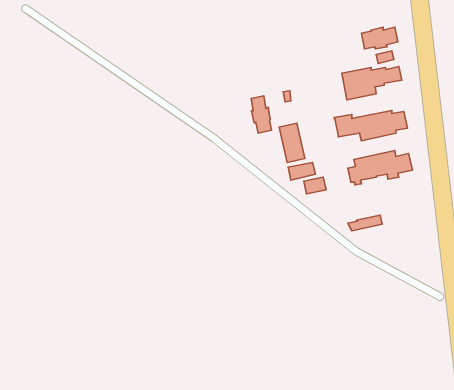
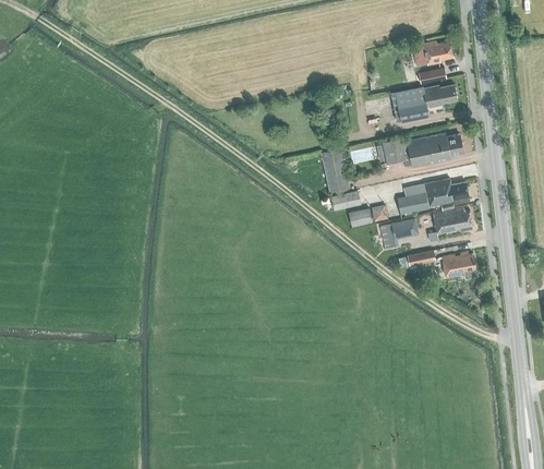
building: [251,96,272,133] -> none
building: none -> [426,207,471,242]
building: none -> [379,217,418,248]
building: none -> [440,251,475,278]

